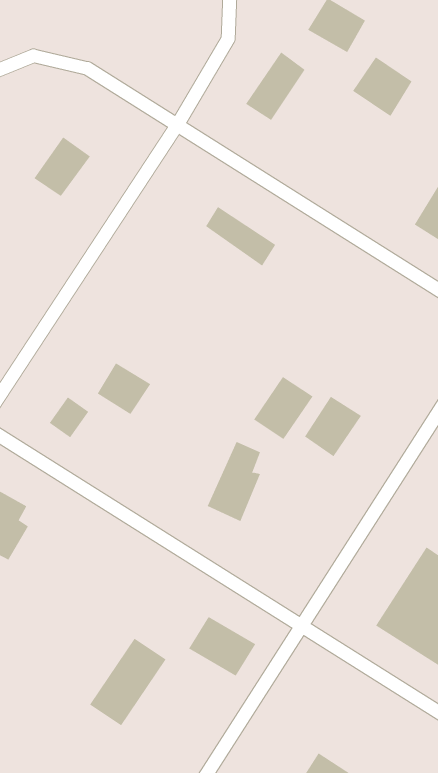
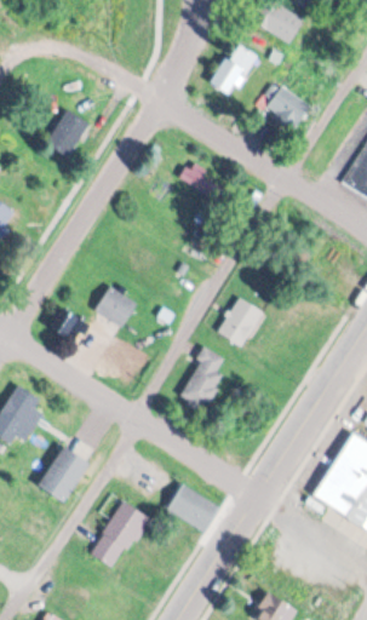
building: [352,57,413,117] -> [263,86,310,133]
building: [304,396,362,457] -> none
building: none -> [36,447,90,504]

